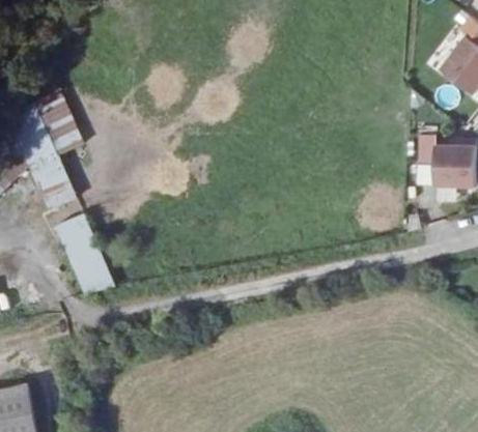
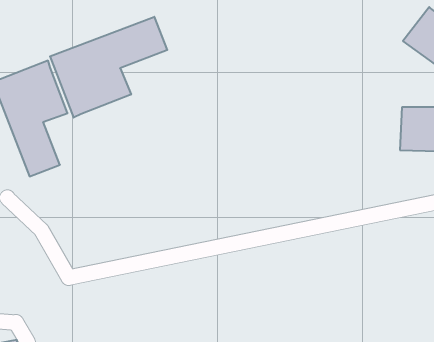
building: none -> [50,17,167,118]
building: [53,212,113,296] -> none

